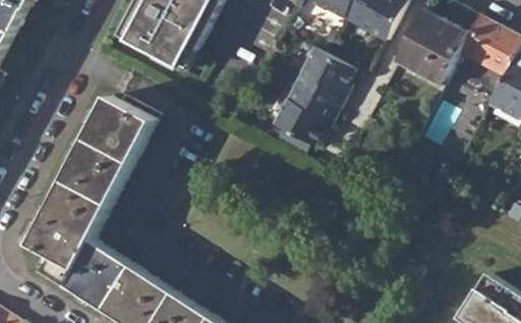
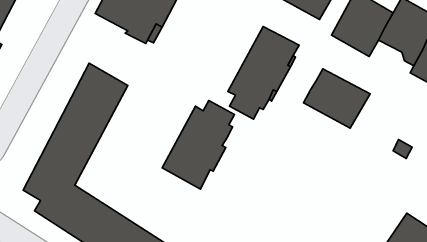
building: none -> [304,69,370,128]
building: none -> [162,100,235,189]

